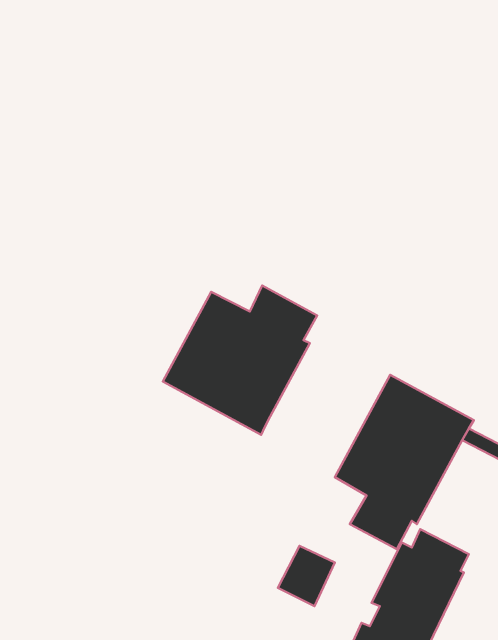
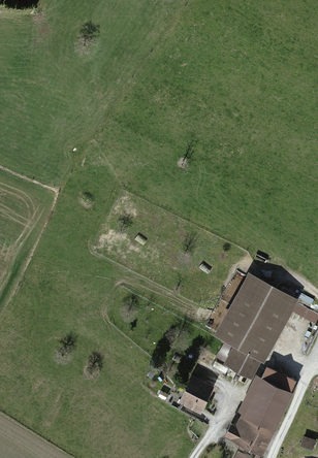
building: [163,285,317,435] -> none

